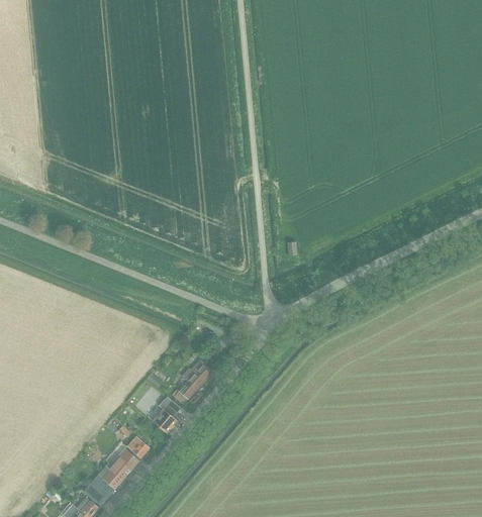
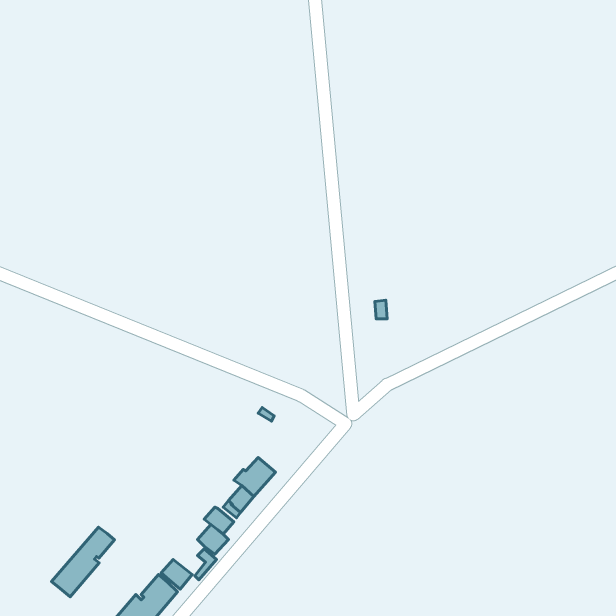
building: none -> [51,527,114,597]

